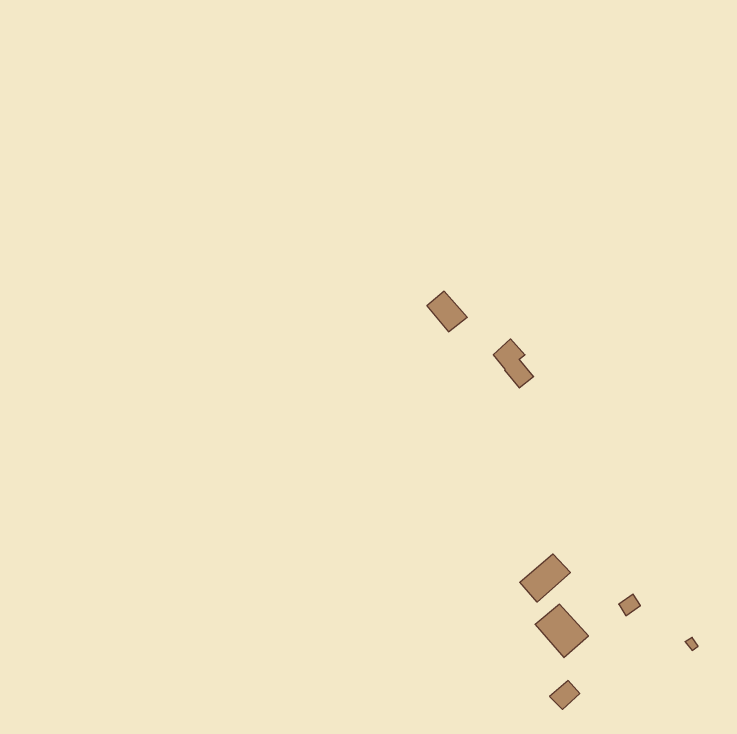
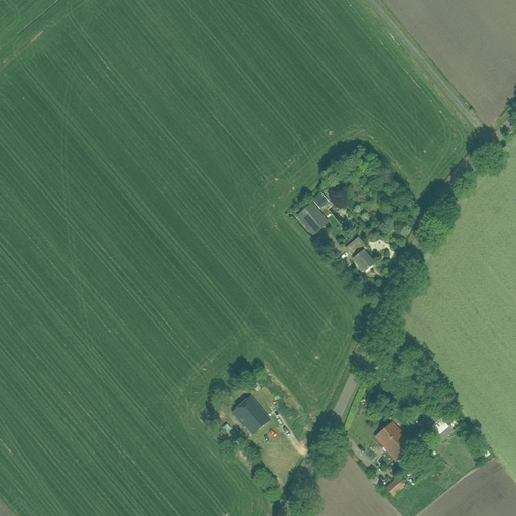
building: [520,554,570,602] -> none
building: none -> [232,396,269,433]

